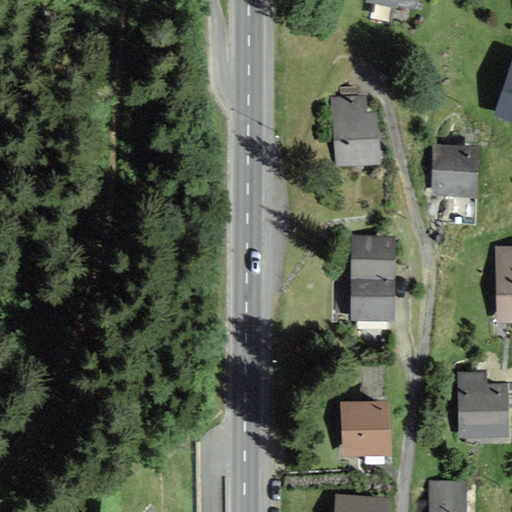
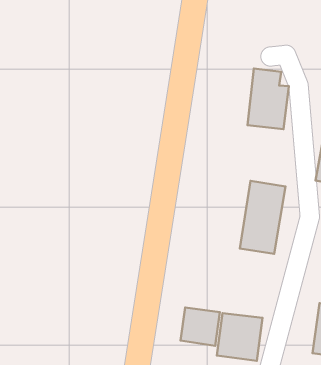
building: none -> [181,307,220,346]

